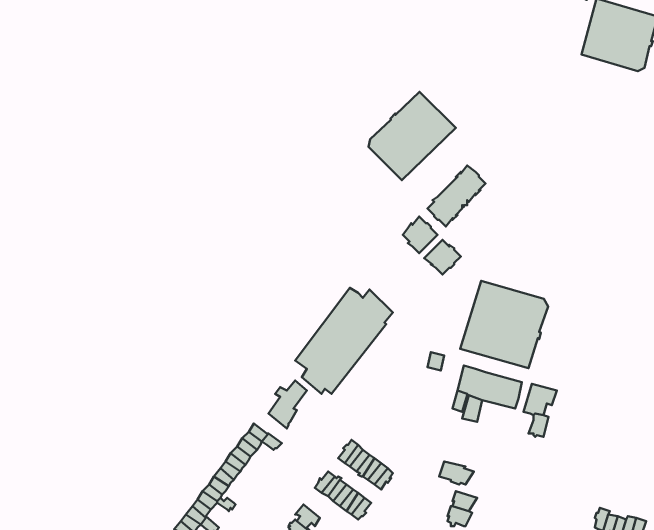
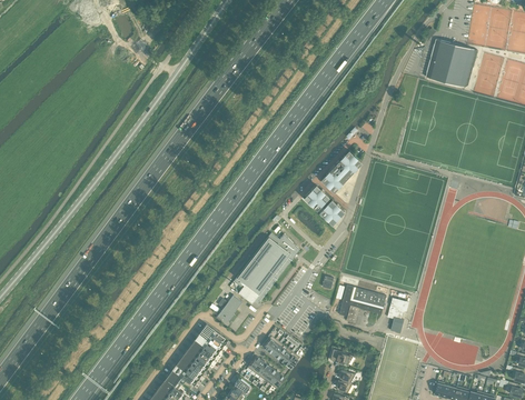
building: [369,92,456,180] -> none
building: [460,281,548,368] -> none

